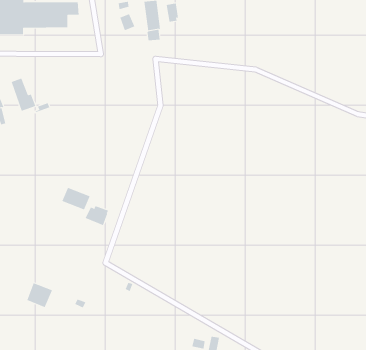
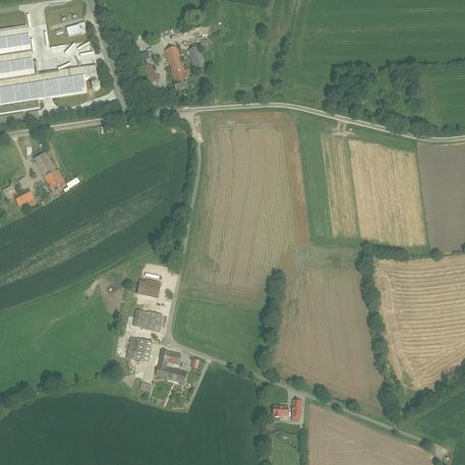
building: [61,187,90,210] -> [132,309,163,332]
building: none -> [156,349,187,383]
building: [27,282,53,308] -> [126,337,153,362]

